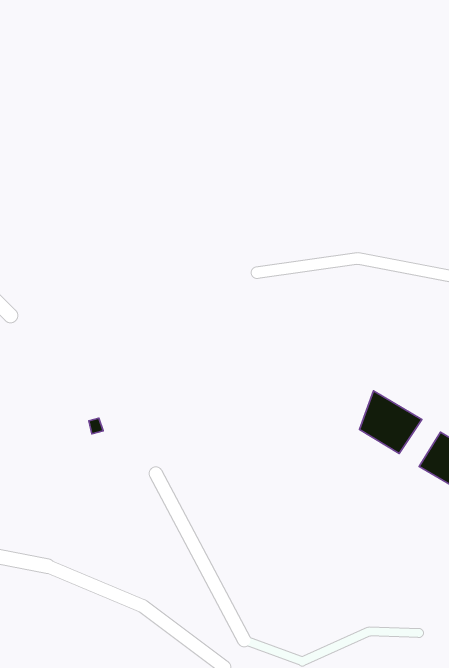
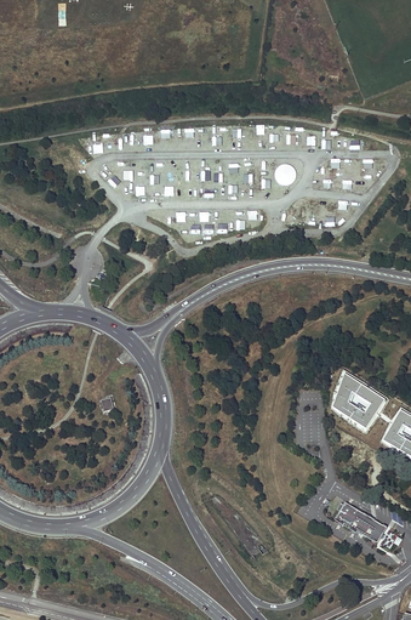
building: none -> [335,501,386,541]

